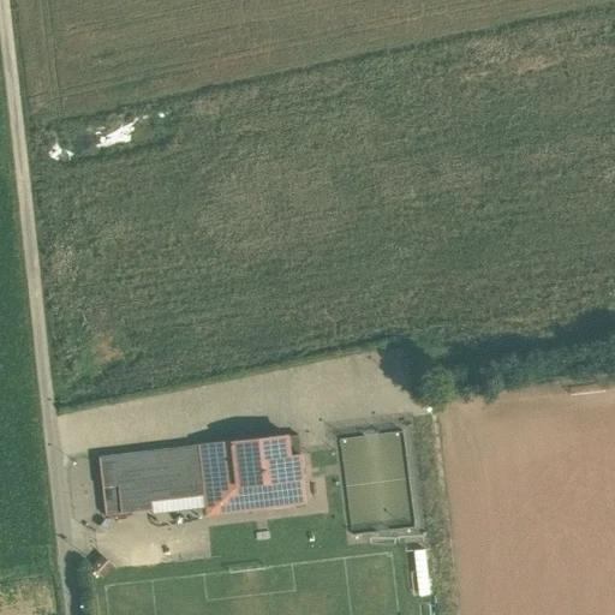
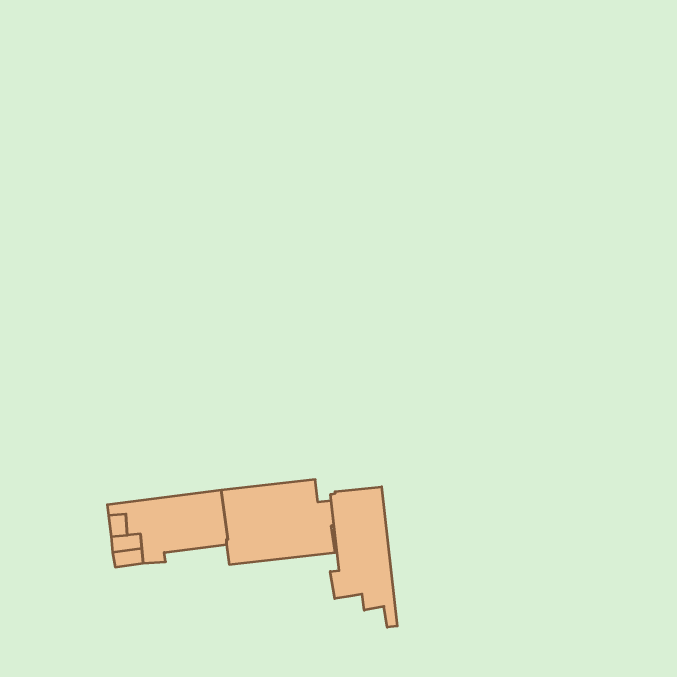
building: none -> [330,487,397,627]

